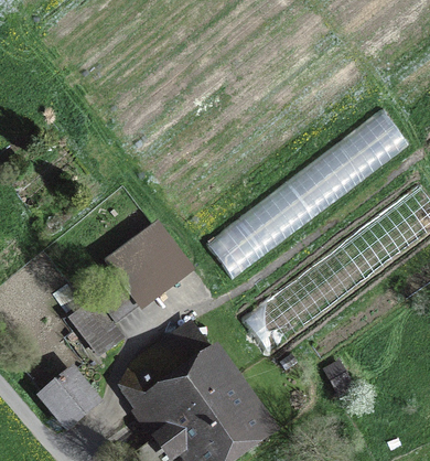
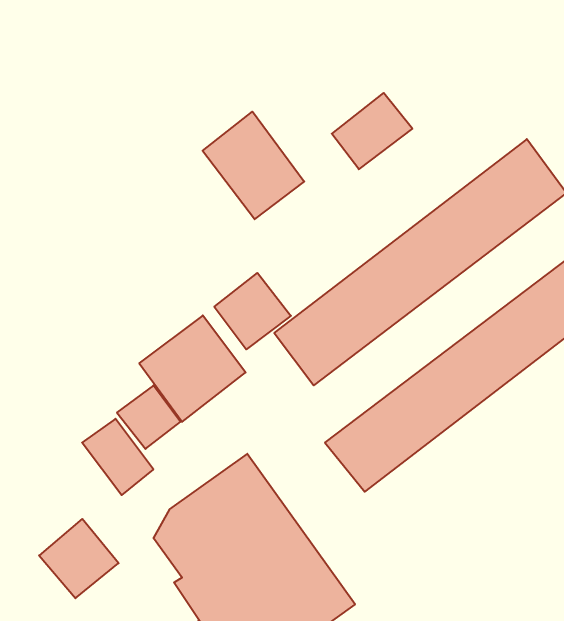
building: none -> [332,93,412,169]
building: none -> [203,112,304,219]
building: none -> [214,273,291,349]

